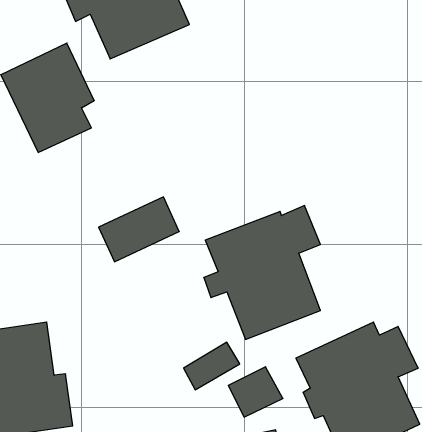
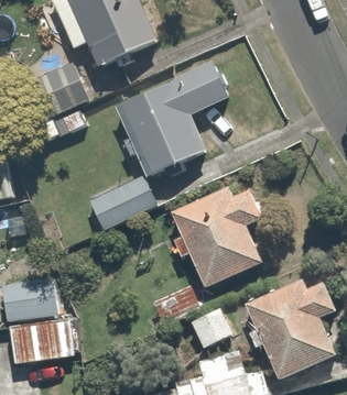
building: none -> [116,63,229,175]

